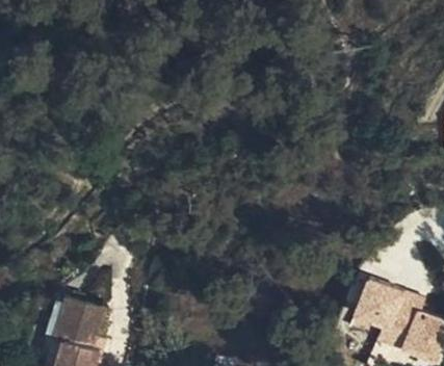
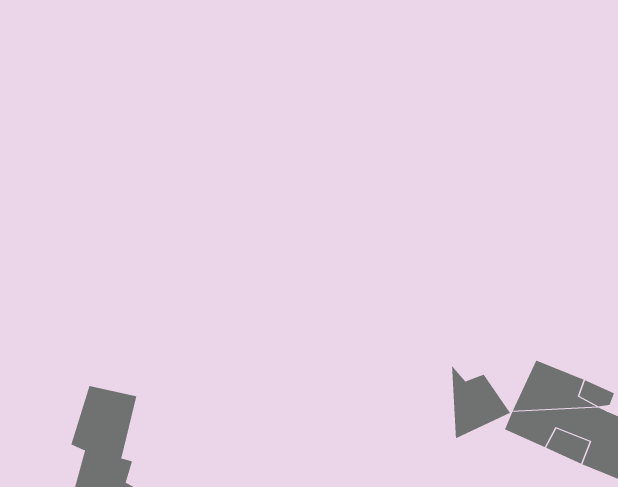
building: none -> [452,365,511,439]

